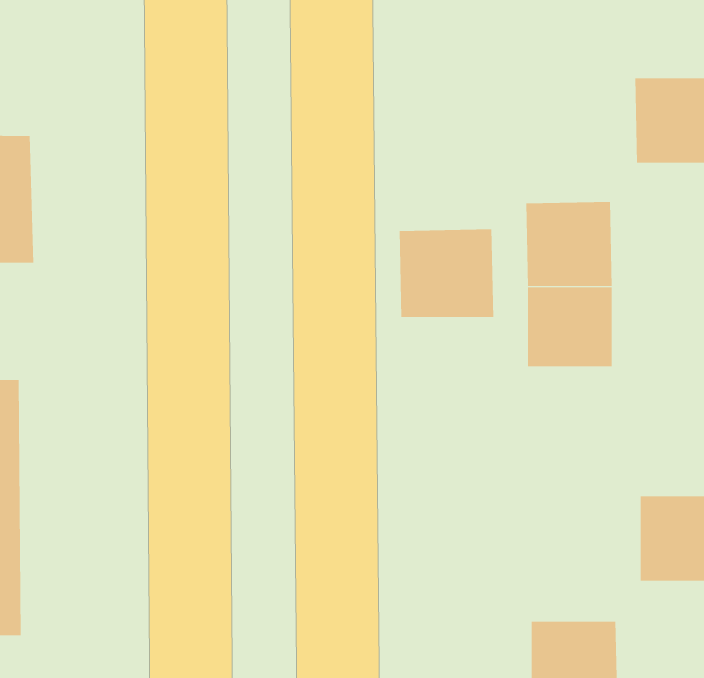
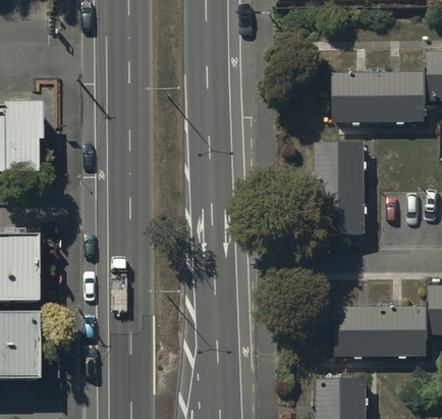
building: none -> [333,72,379,121]
building: [399,229,494,318] -> none
building: none -> [335,307,381,356]

